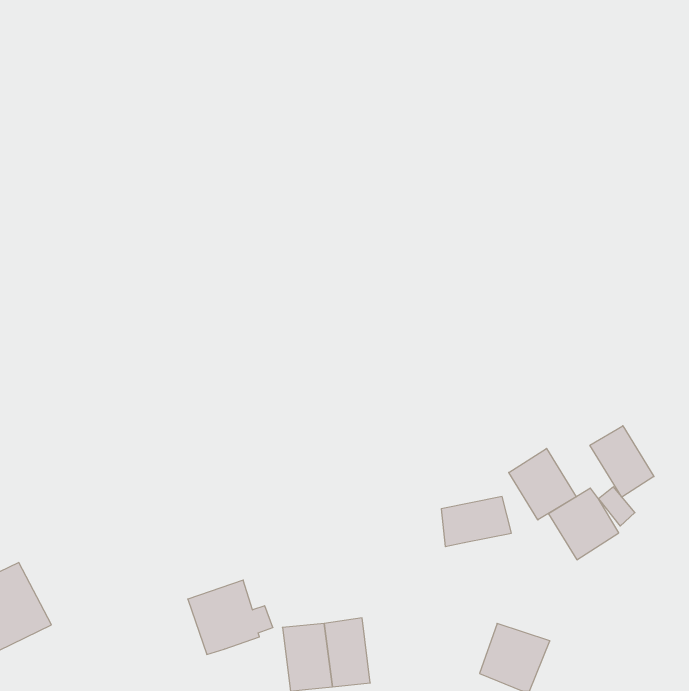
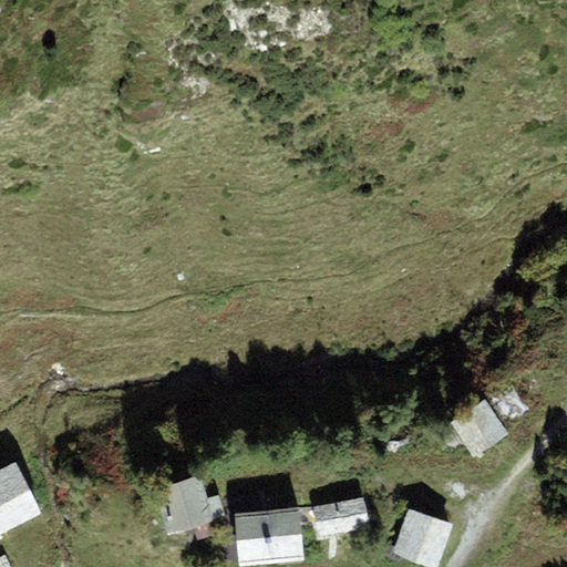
building: [590,426,654,497] -> none
building: [509,448,576,520] -> none
building: [441,497,511,547] -> [312,497,370,538]

